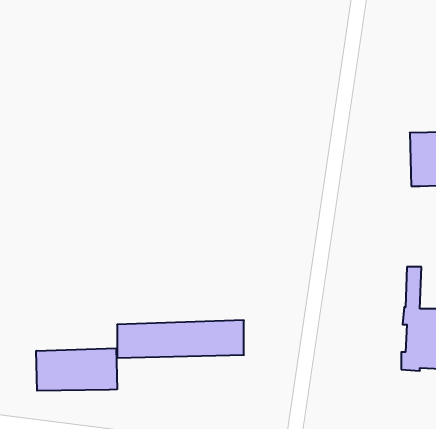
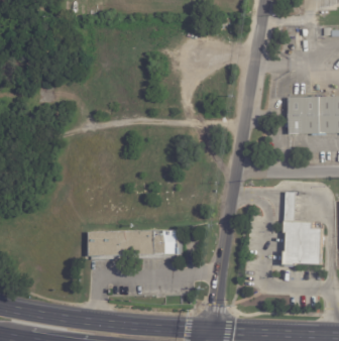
building: [36,348,117,391] -> none

